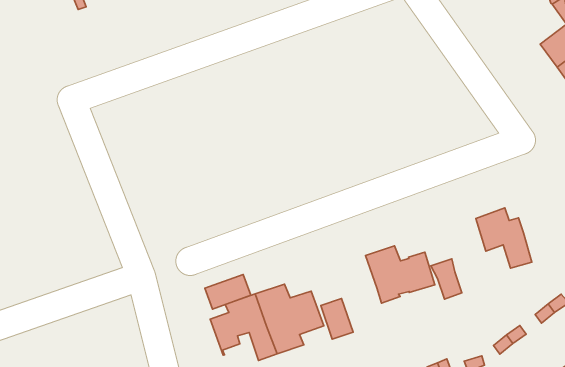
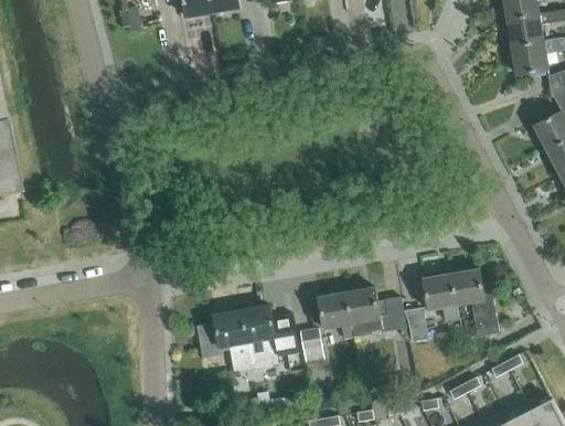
building: none -> [422,274,458,321]
building: none -> [307,291,353,339]
building: [205,274,251,309] -> none

